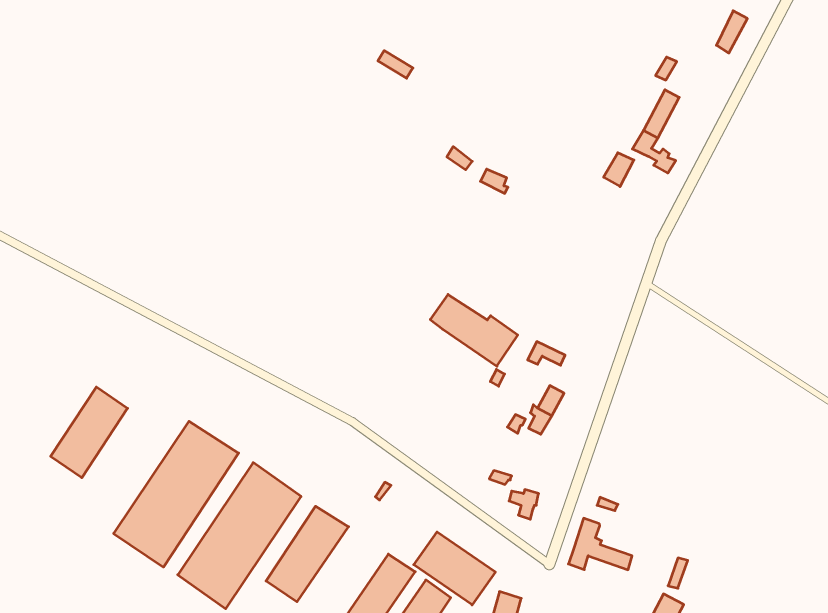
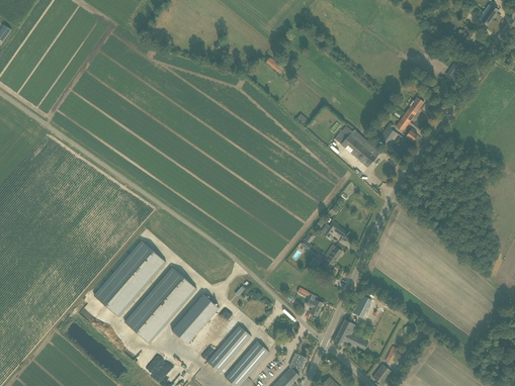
building: [430,294,518,366] -> [334,125,379,167]
building: [51,387,128,478] -> none
building: [414,532,495,605] -> none

